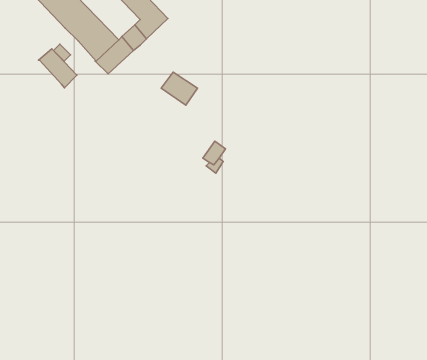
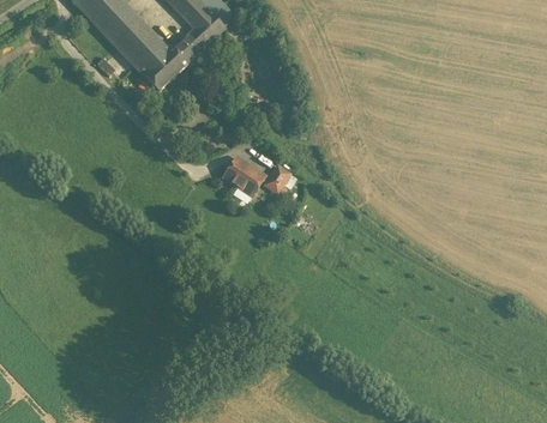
building: [39,49,77,88] -> none
building: [161,72,198,105] -> [226,158,266,195]

